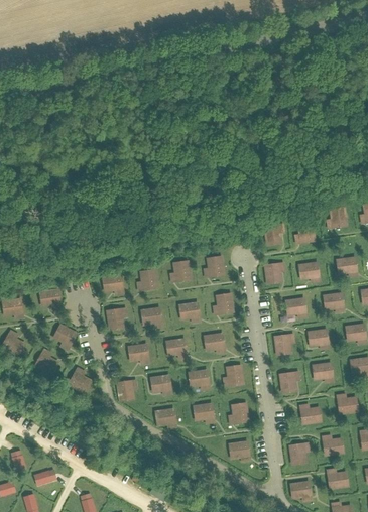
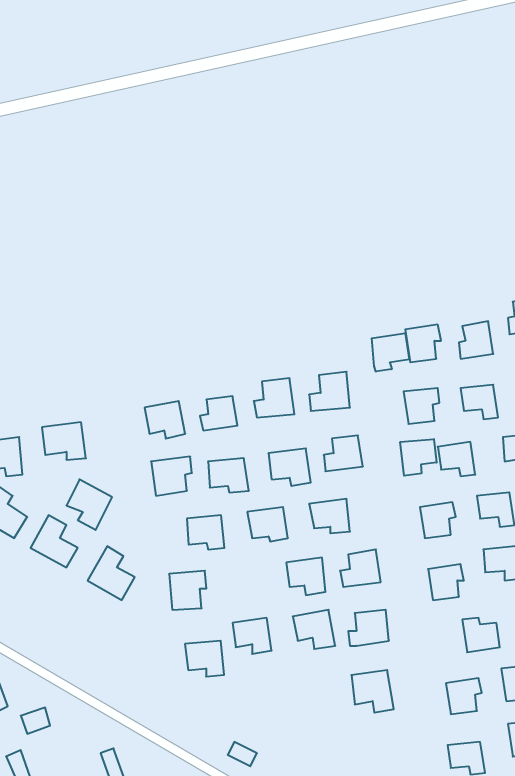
building: none -> [372,333,409,372]
building: none -> [400,439,437,476]
building: [151,375,175,397] -> [185,641,224,677]

